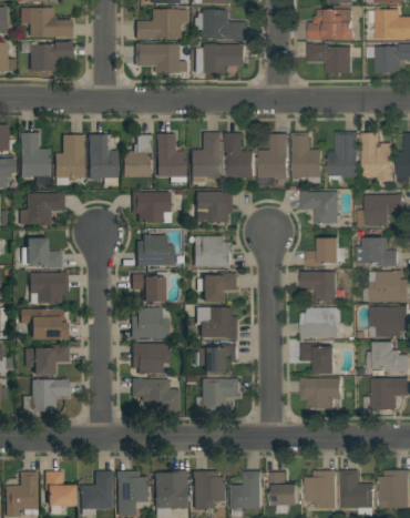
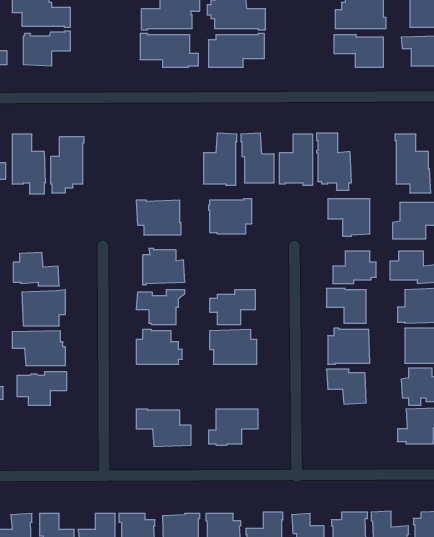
building: [328,132,358,182] -> none
building: [155,134,185,182] -> none
building: [88,135,117,186] -> none
building: [122,135,151,177] -> none
building: [19,192,64,225] -> none
building: [194,235,230,267] -> none
building: [197,342,237,374] -> none
building: [132,343,168,375] -> none
building: [301,377,341,409] -> none
building: [22,379,69,412] -> none

